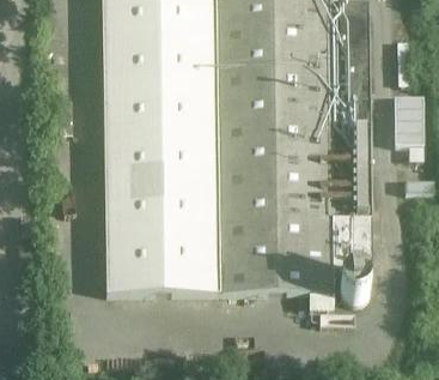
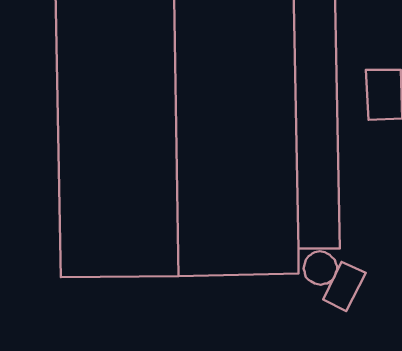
building: none -> [323,262,366,311]

